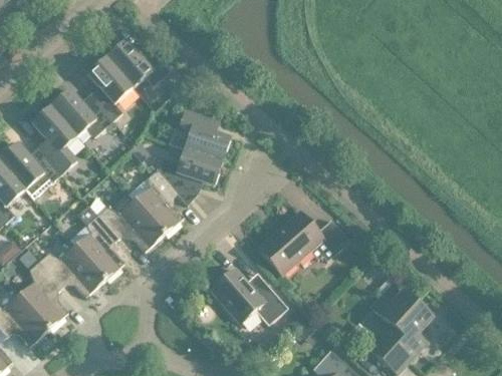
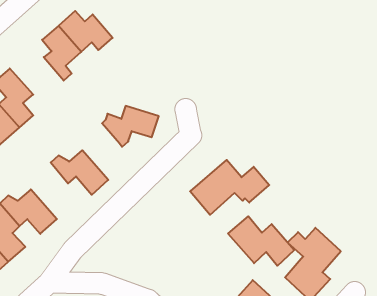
building: [50,89,112,136] -> none
building: [178,109,230,161] -> none
building: [129,169,183,235] -> none
building: [74,206,123,280] -> none
building: [211,269,287,326] -> [228,216,294,266]

